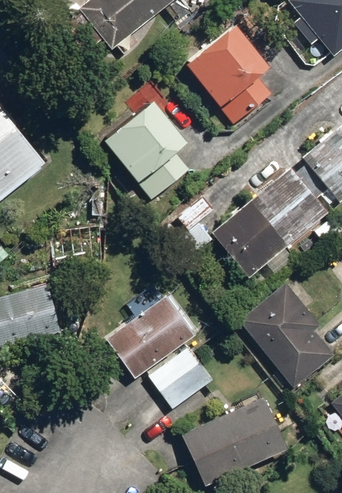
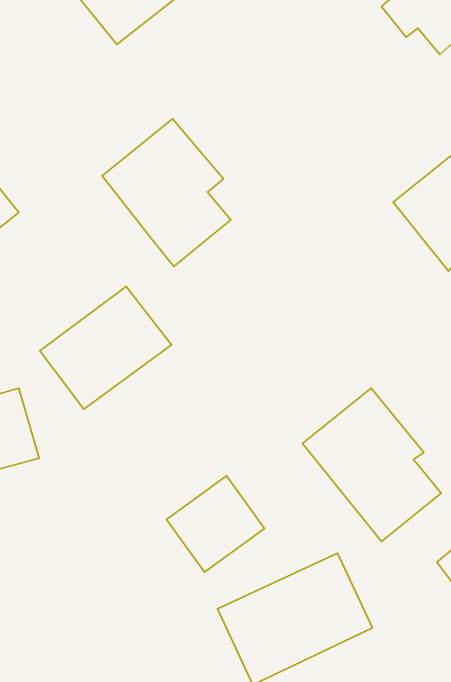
building: [182,23,272,123] -> none
building: [211,167,327,277] -> none
building: [105,294,195,378] -> [40,286,171,409]

